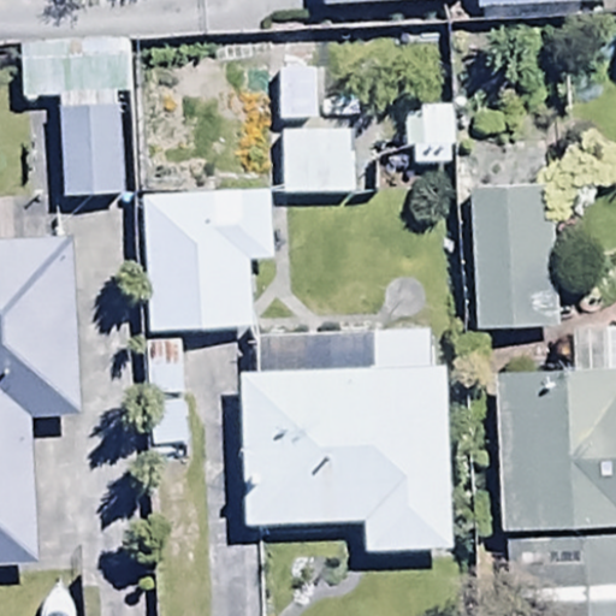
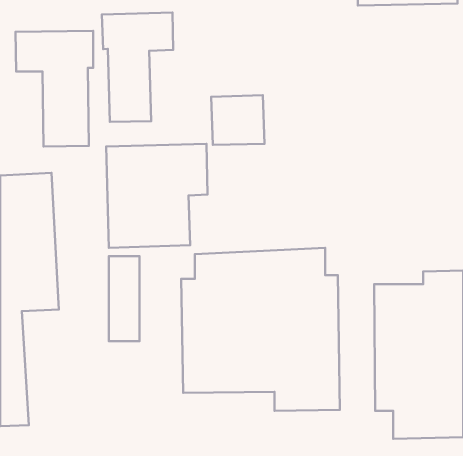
building: none -> [102,13,173,122]
building: [467,177,557,330] -> none

